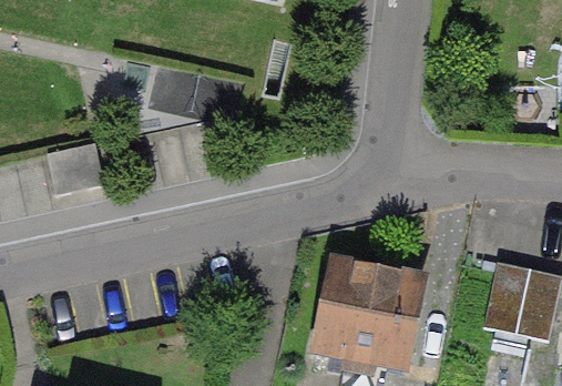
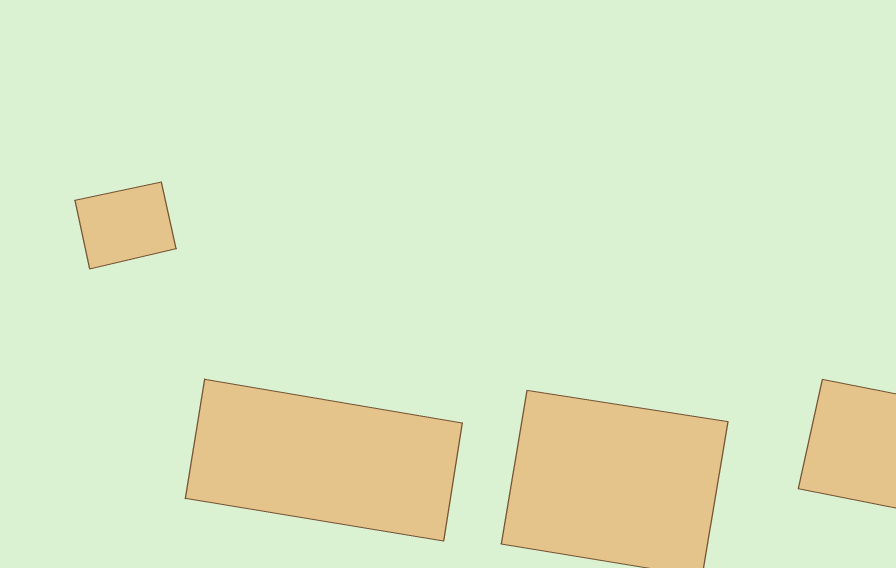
building: none -> [185,379,462,541]

